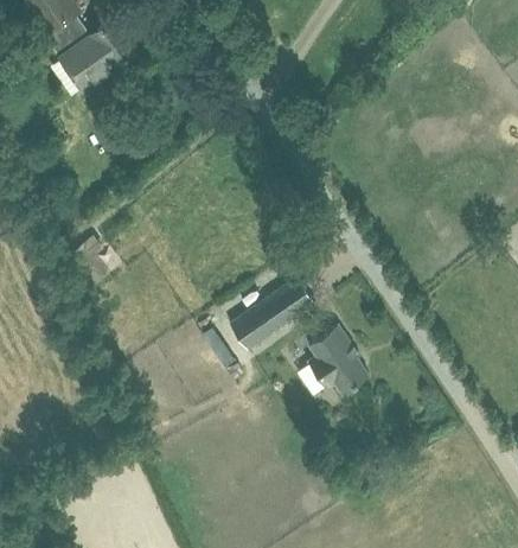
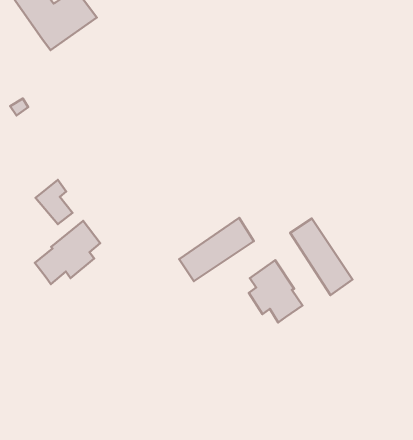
building: none -> [290,218,353,295]
building: none -> [35,221,100,284]

